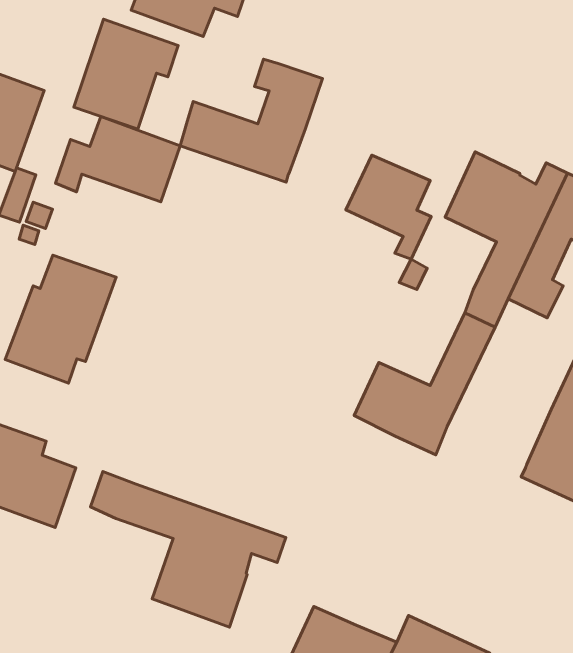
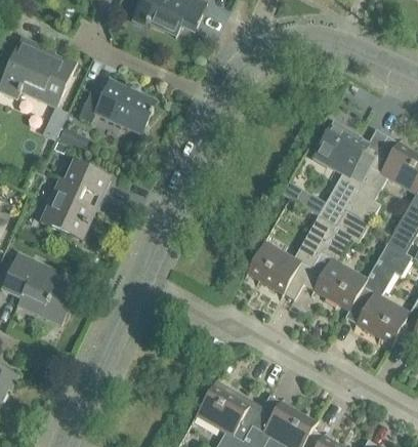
building: [74,19,178,129] -> none
building: [180,59,322,182] -> none
building: [346,155,431,259] -> none
building: none -> [302,209,368,310]
building: [90,472,286,627] -> none

